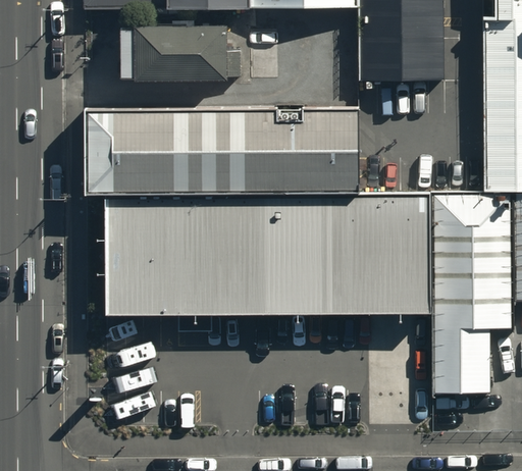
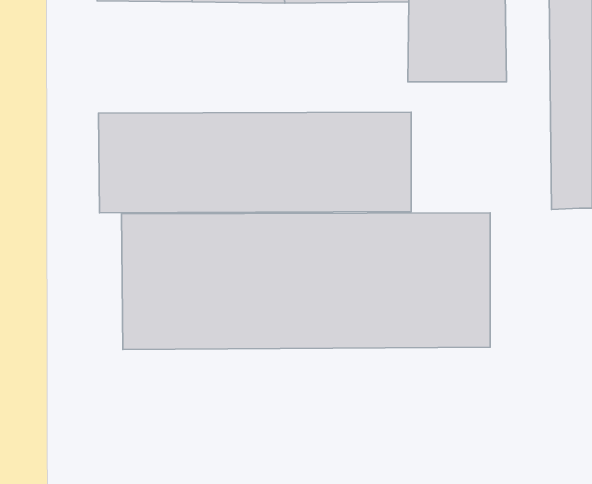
building: [120,24,227,81] -> none
building: [431,191,512,392] -> none

